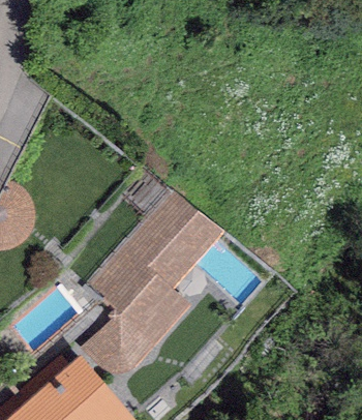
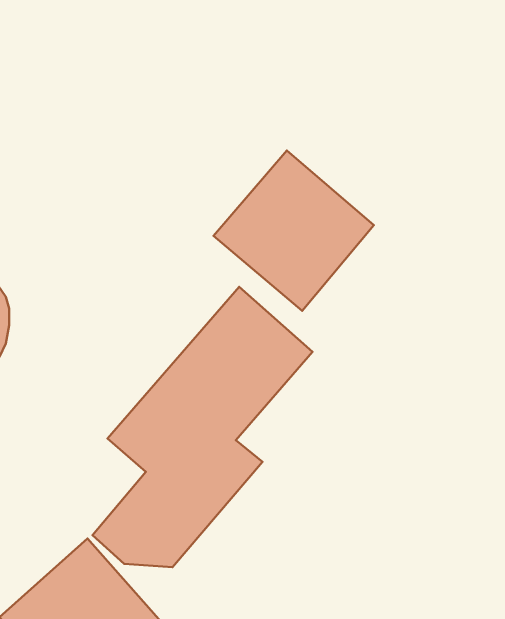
building: none -> [214,151,374,311]

